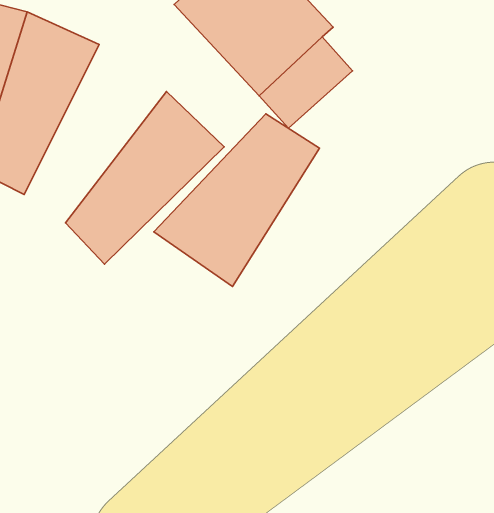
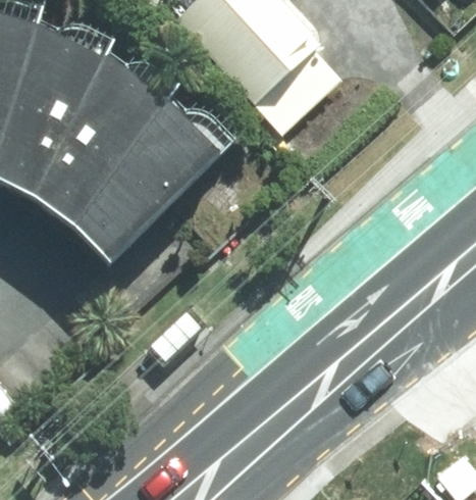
building: none -> [35,54,168,221]
building: [154,114,319,286] -> none

